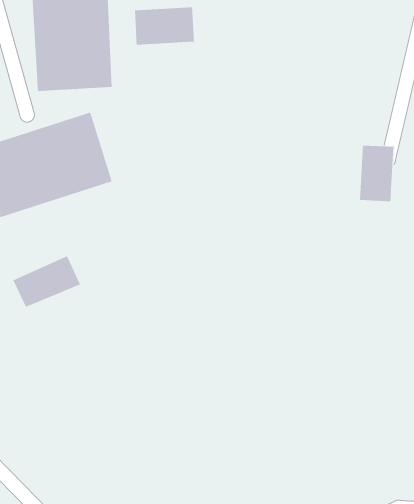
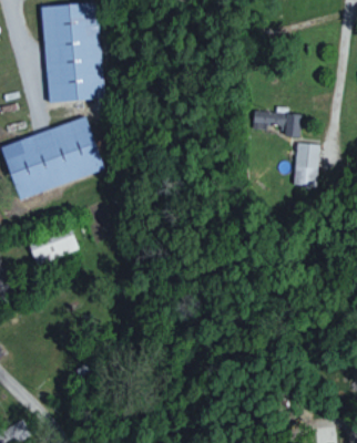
building: [135,6,194,45] -> none
building: none -> [253,110,303,137]

